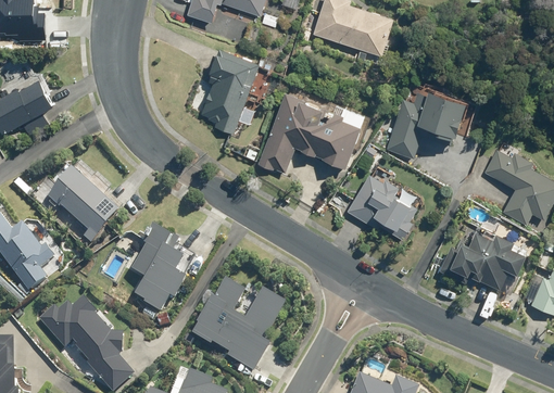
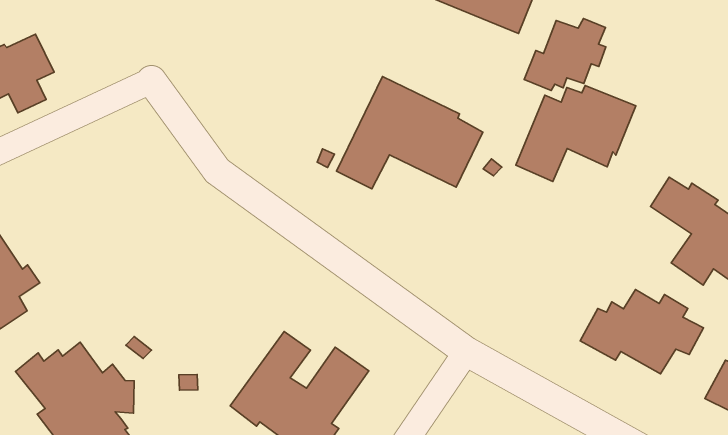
building: none -> [524,18,606,91]
building: [200,48,255,132] -> none
building: [47,166,118,242] -> none
building: [345,175,416,240] -> none
building: [123,223,191,312] -> none

